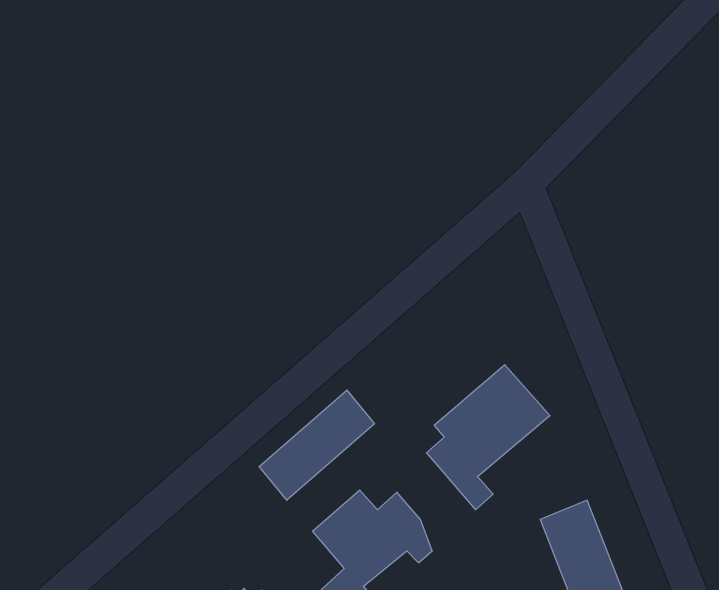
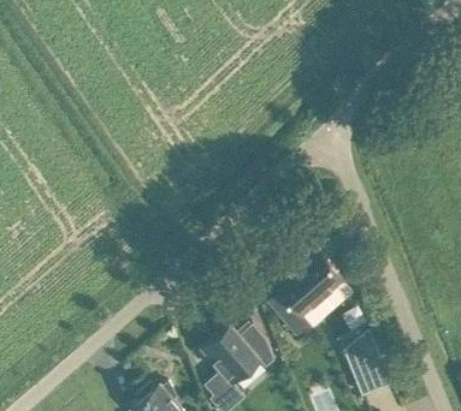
building: [259,390,374,500] -> none

